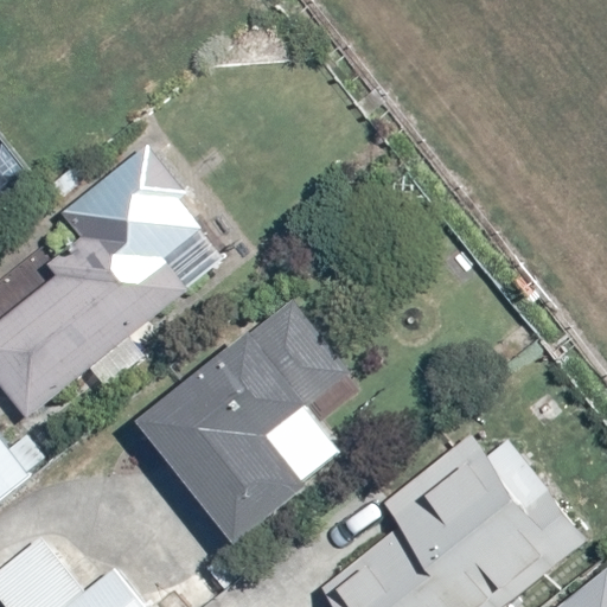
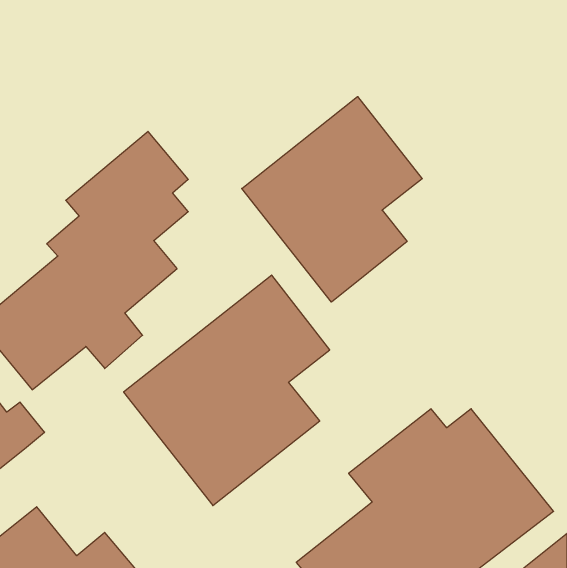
building: none -> [242,97,422,302]

